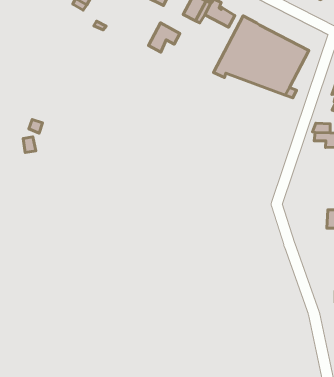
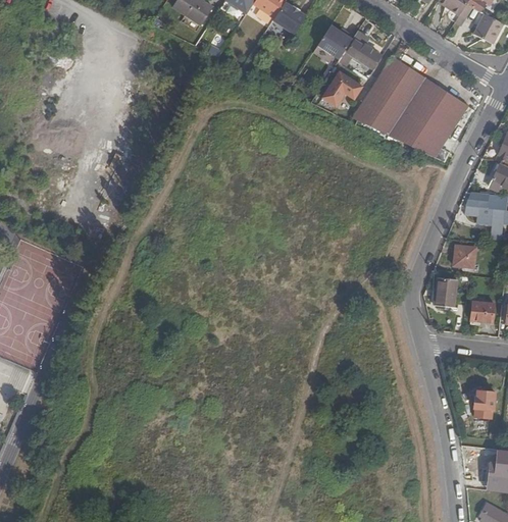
building: [149,23,180,52] -> [321,70,361,106]
building: none -> [454,247,476,268]
building: none -> [436,278,457,307]

